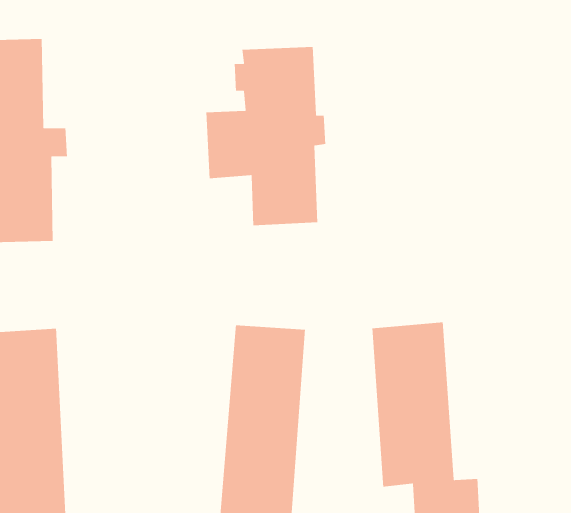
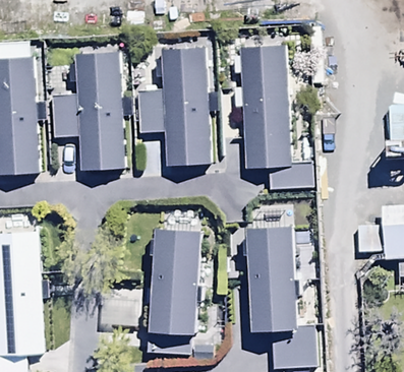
building: none -> [230,48,314,189]
building: none -> [52,54,124,172]

